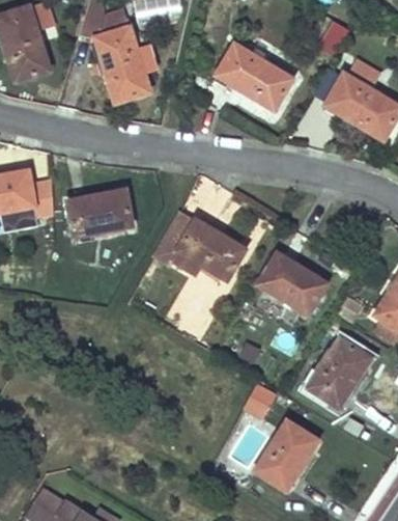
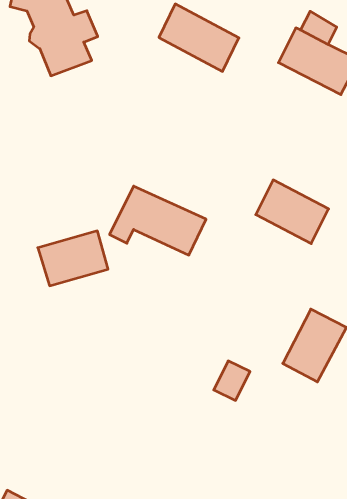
building: [67,189,132,237] -> [38,231,108,286]
building: [258,252,326,314] -> [256,180,329,244]
building: [256,419,319,489] -> none

